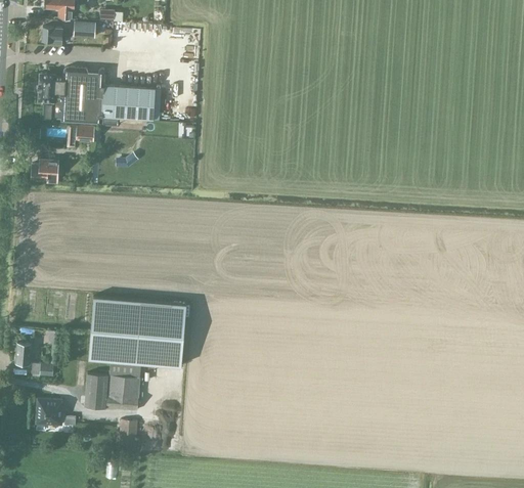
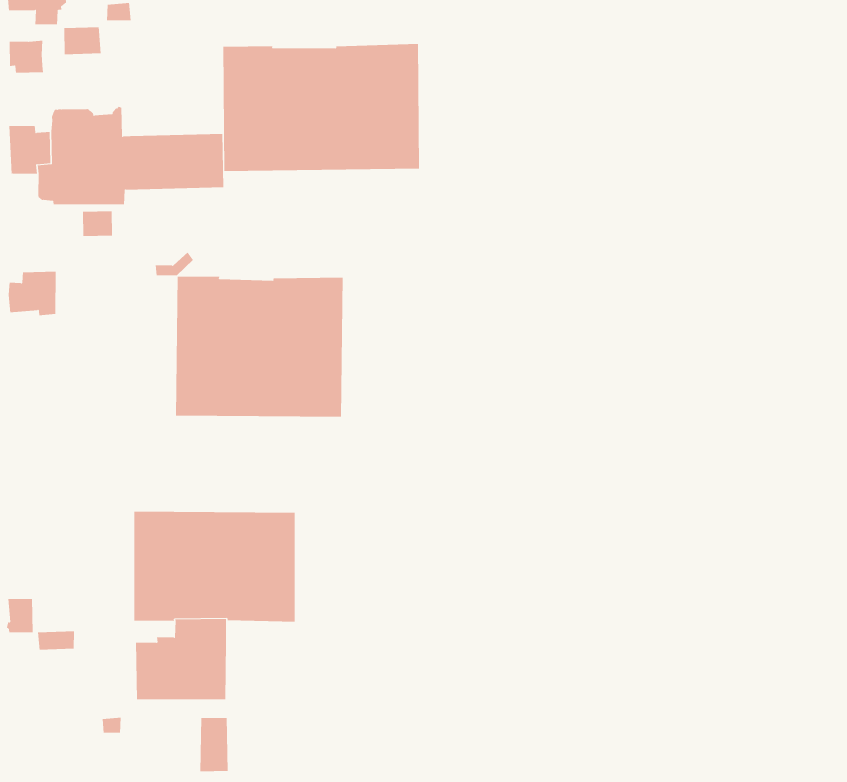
building: none -> [223,43,420,172]
building: none -> [175,276,343,418]
building: [37,398,63,425] -> none

